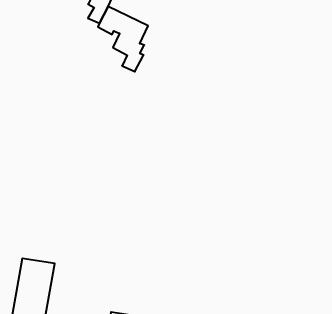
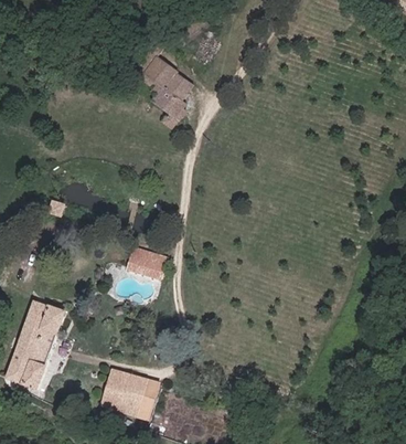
building: none -> [125,247,168,281]

